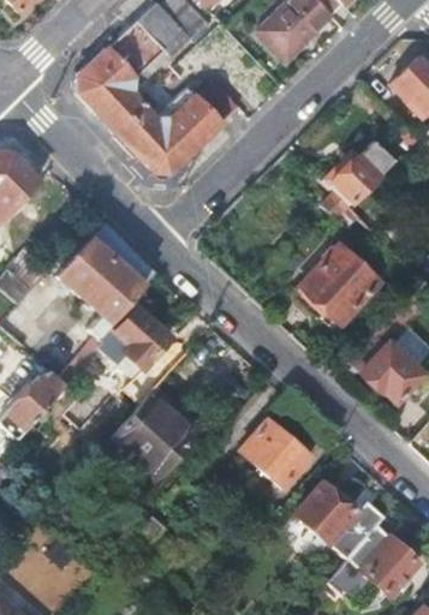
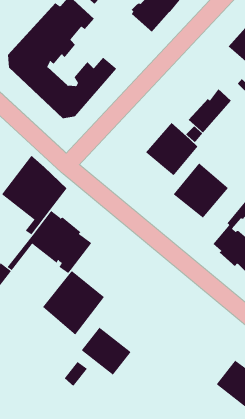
building: none -> [145,122,198,176]
building: [238,419,309,489] -> [81,327,131,375]
building: [293,484,382,561] -> none

